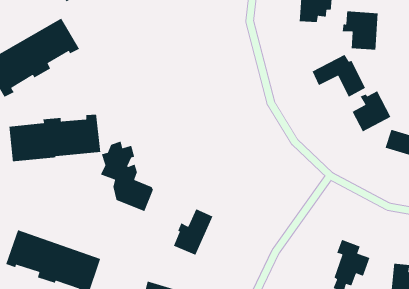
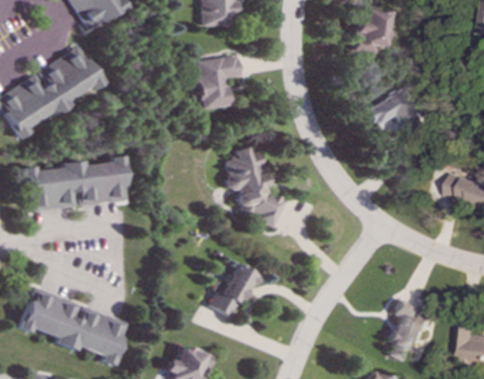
building: [342,10,379,51] -> none
building: none -> [198,56,241,109]
building: [352,90,391,132] -> none
building: [100,141,154,212] -> [225,146,286,228]

